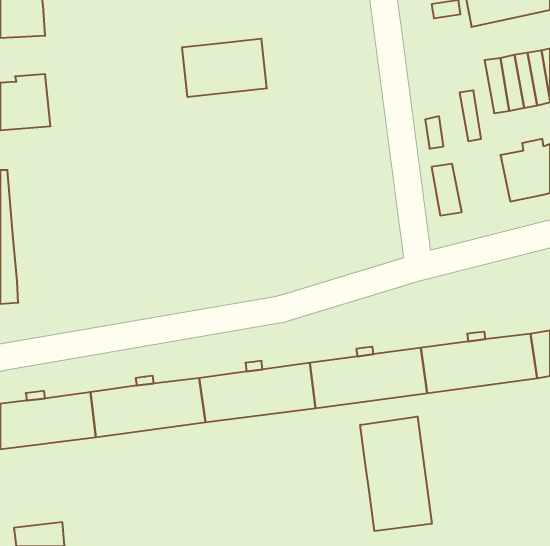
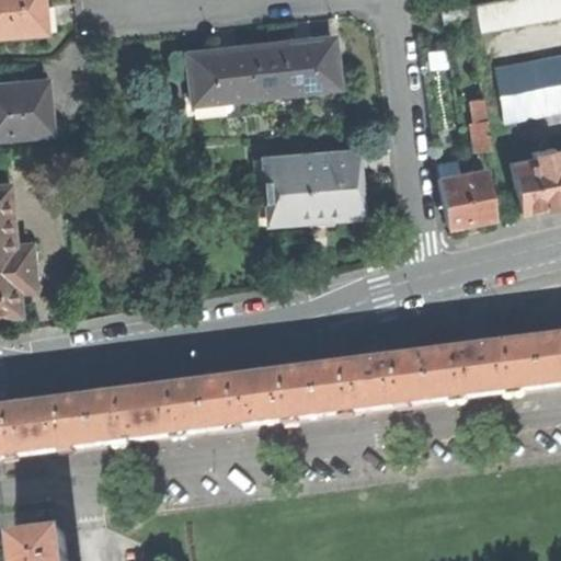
building: none -> [266,33,336,90]
building: none -> [262,147,360,225]
building: none -> [460,162,494,216]
building: none -> [13,237,41,286]
building: [360,416,432,531] -> none

